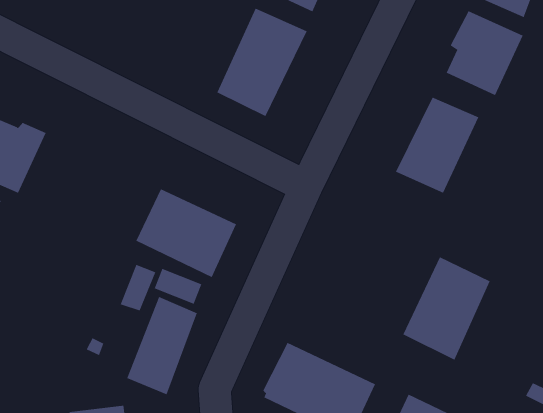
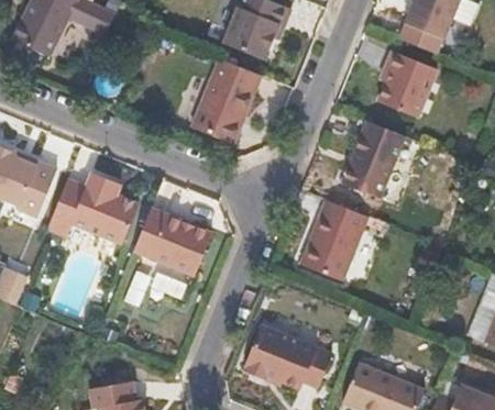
building: none -> [47,171,140,244]
building: [402,257,490,360] -> [298,199,366,281]
building: [126,296,198,395] -> none

